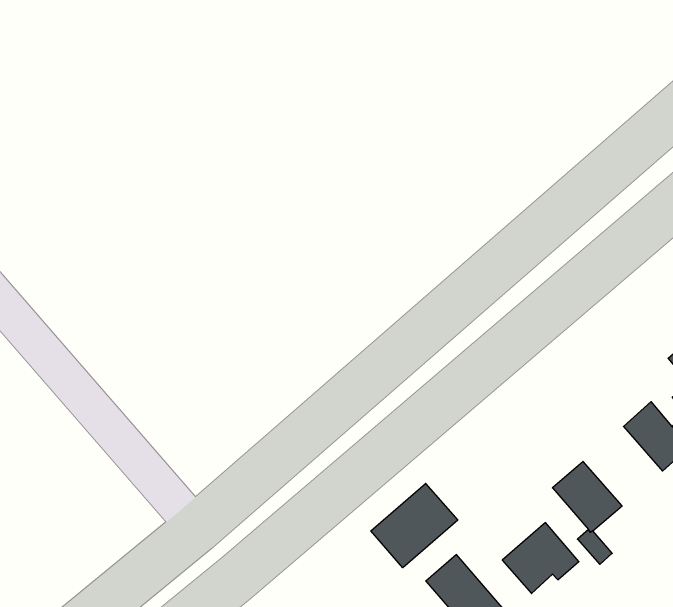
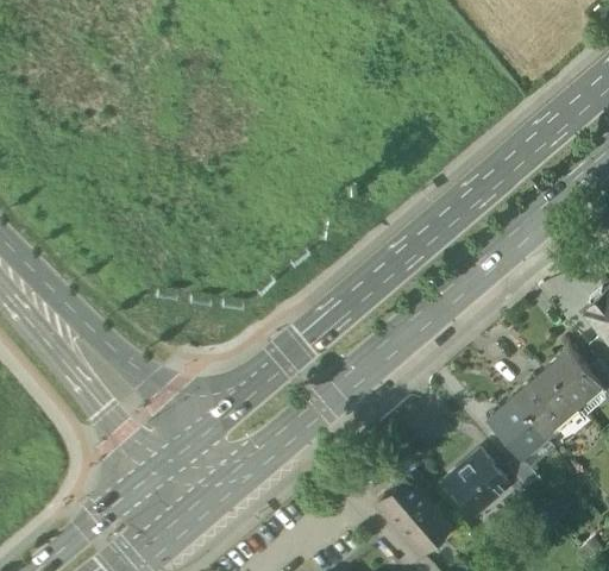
building: none -> [513,370,580,438]
building: [371,483,458,568] -> none

